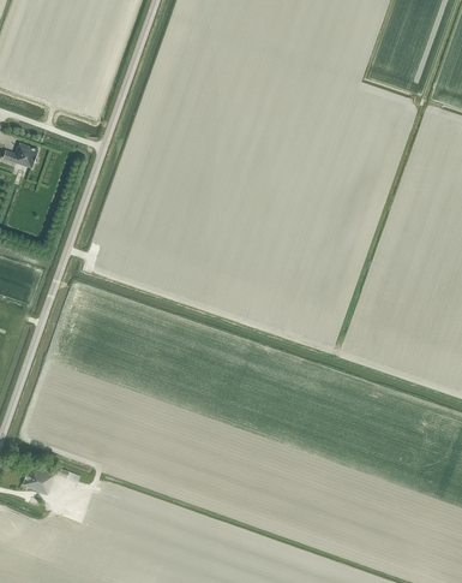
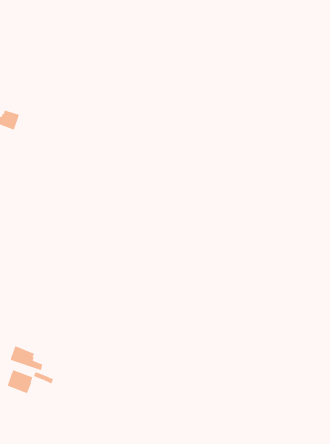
building: none -> [10,346,43,371]

